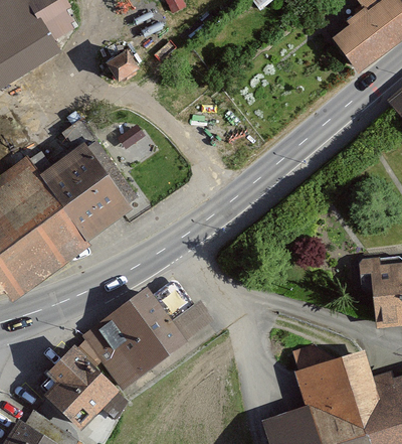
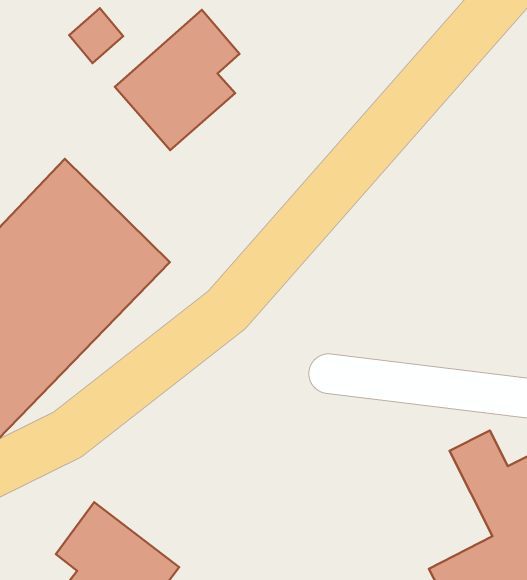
building: none -> [115,10,239,150]
building: [78,288,211,392] -> none

